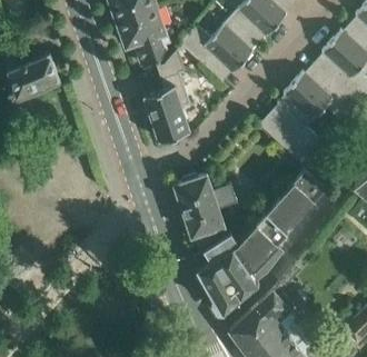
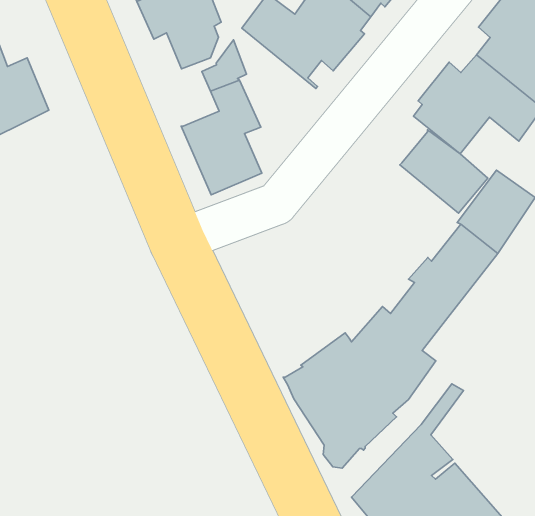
building: [172,172,226,249] -> none

